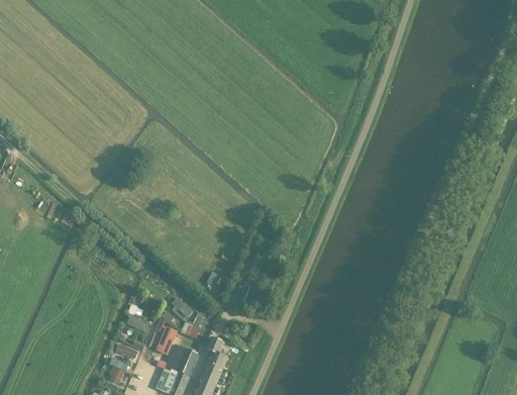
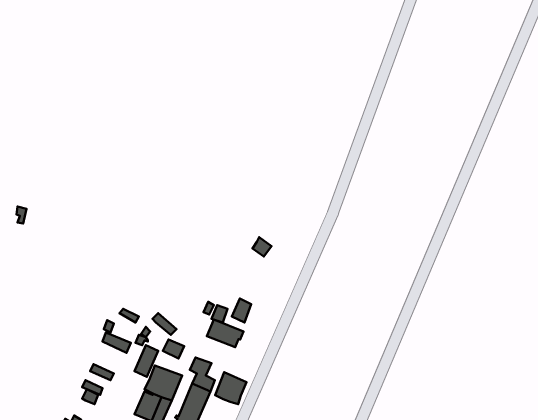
building: none -> [207,320,243,347]
building: none -> [215,372,247,404]

